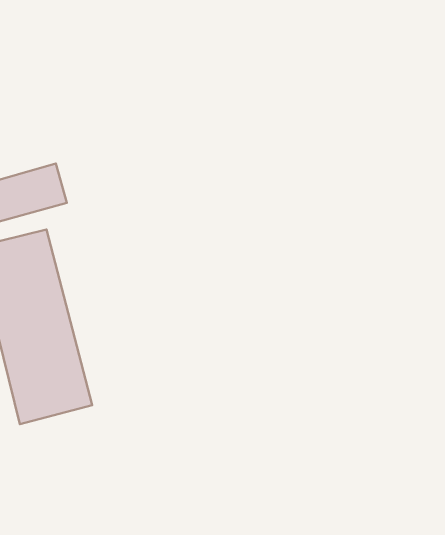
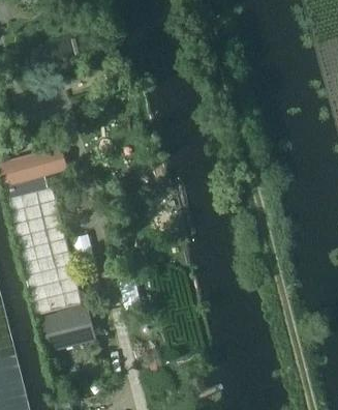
building: none -> [43,304,98,349]

